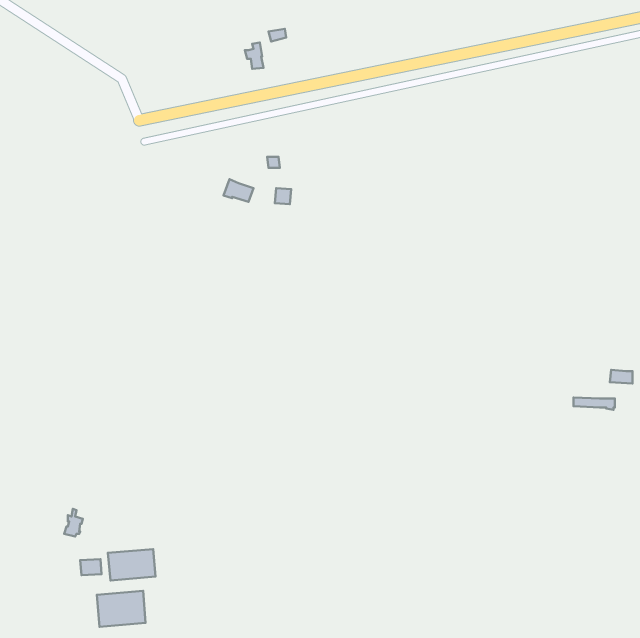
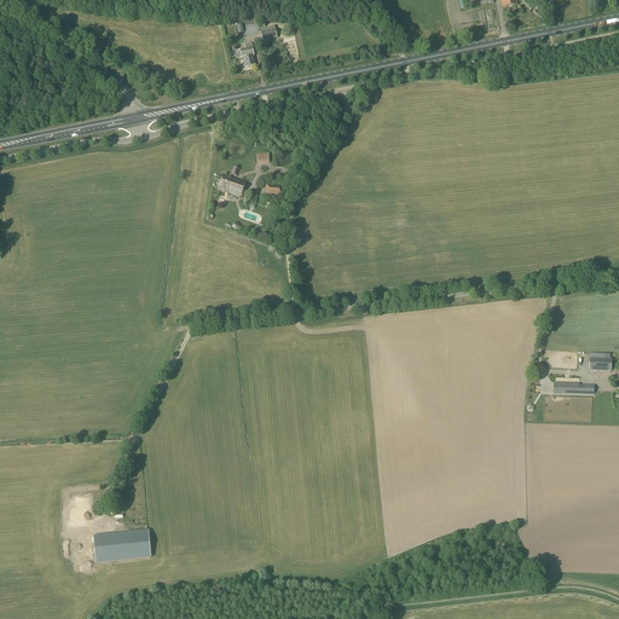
building: [97,591,146,627] -> none

